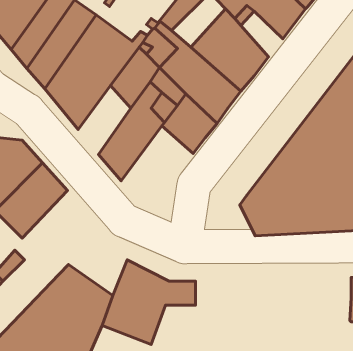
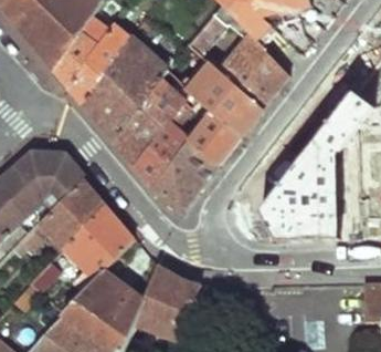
building: none -> [112,103,160,167]
building: none -> [151,141,218,214]
building: none -> [60,200,131,278]

